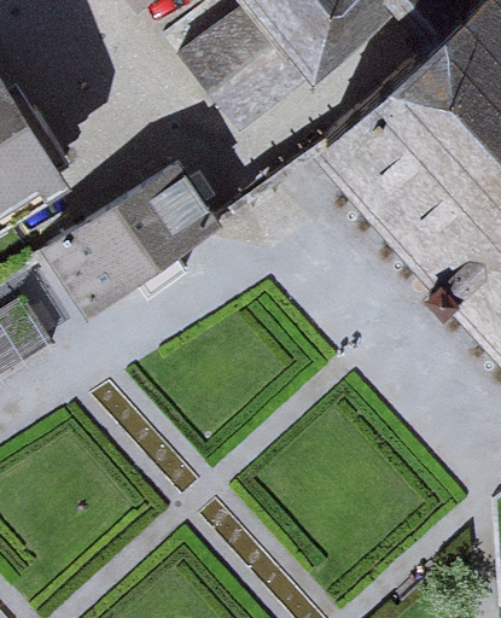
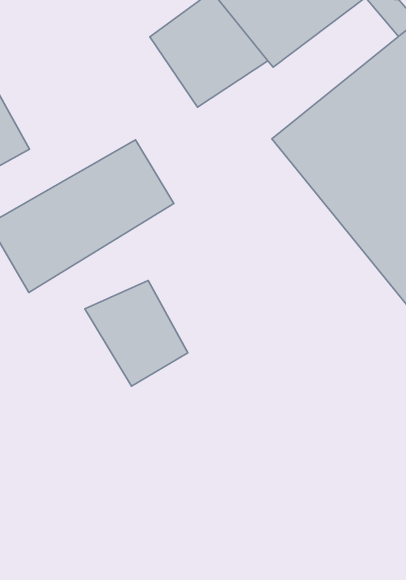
building: none -> [85,281,188,386]

